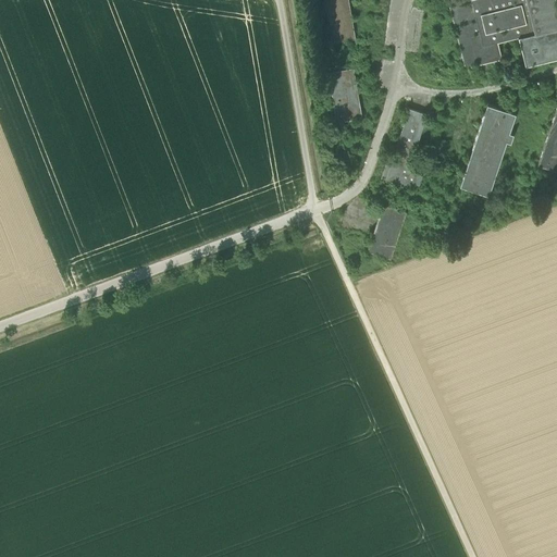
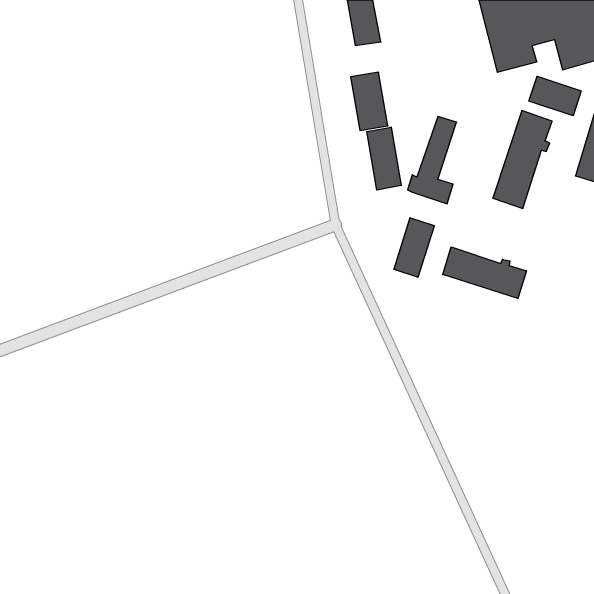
building: none -> [529,76,581,116]
building: none -> [367,127,401,190]
building: none -> [443,247,526,299]

